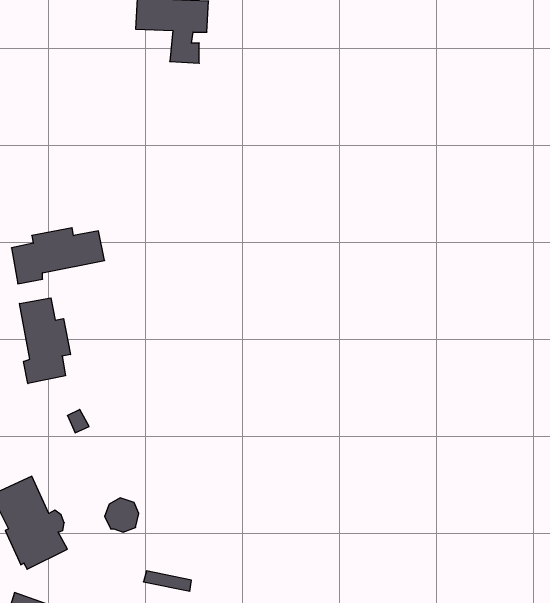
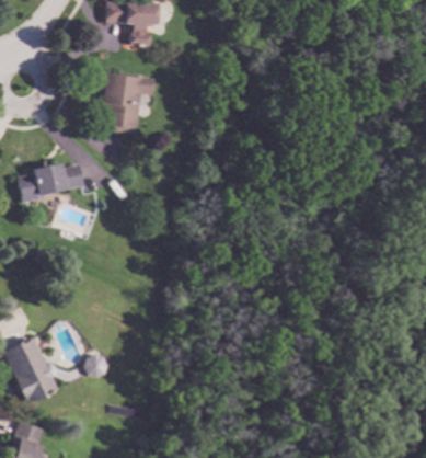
building: none -> [99,72,154,134]
building: [20,298,70,384] -> none

